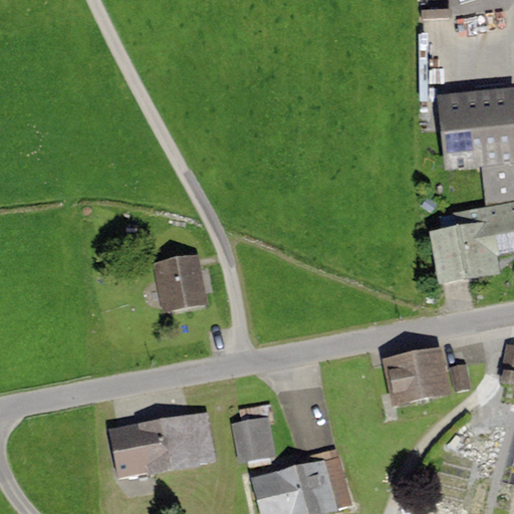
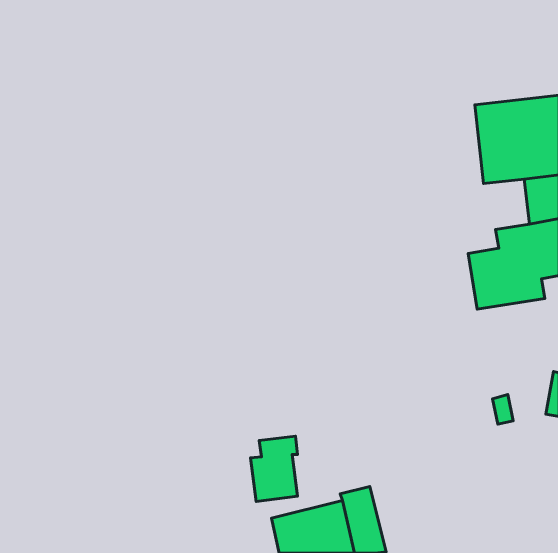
building: [155,253,203,310] -> none
building: [386,347,451,407] -> none
building: [107,408,217,480] -> none

